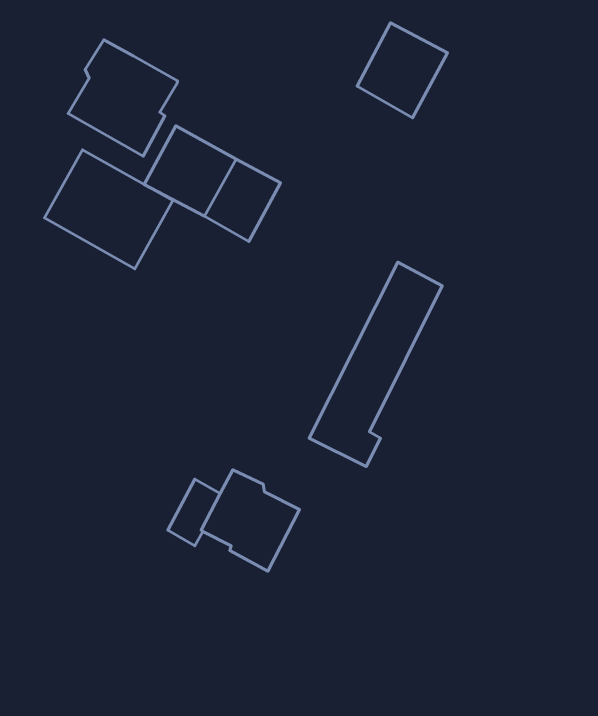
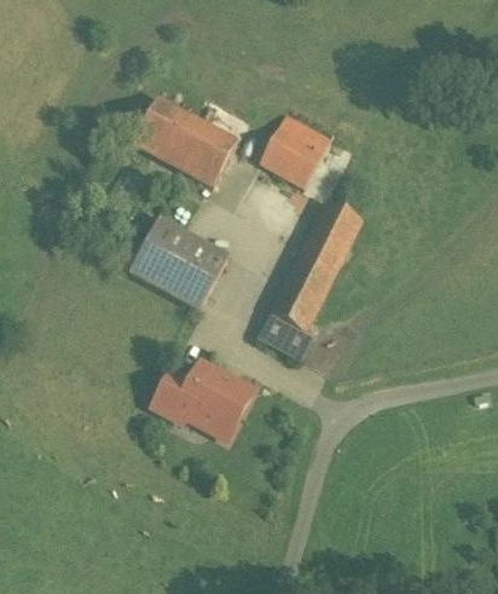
building: [357,23,447,118] -> [261,114,330,186]
building: [68,40,177,156] -> none
building: [44,150,173,269] -> [131,219,228,310]

